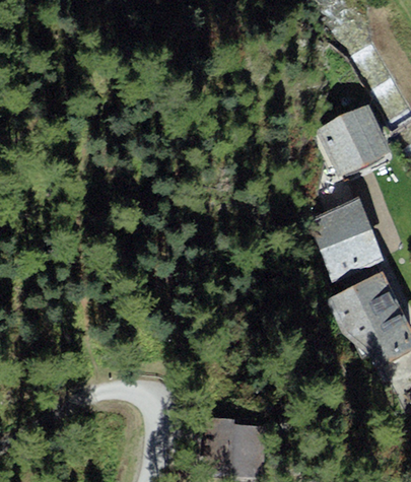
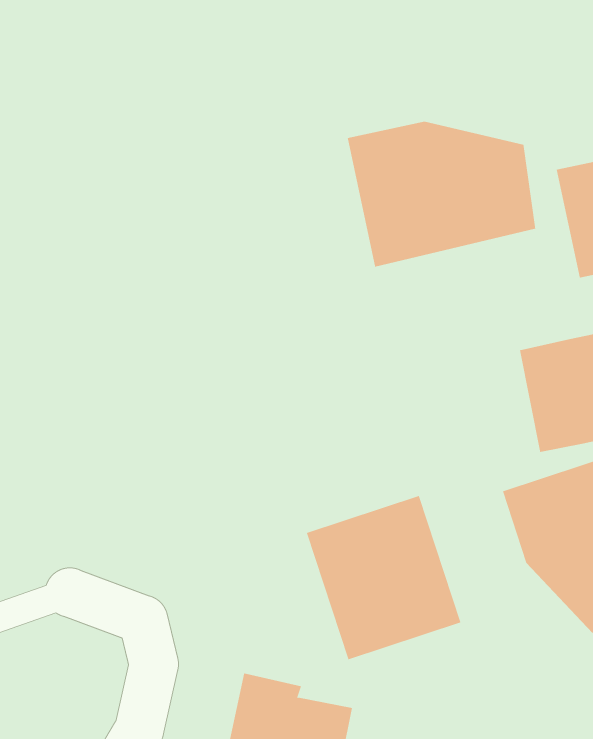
building: none -> [347,121,536,268]
building: none -> [306,495,461,660]

